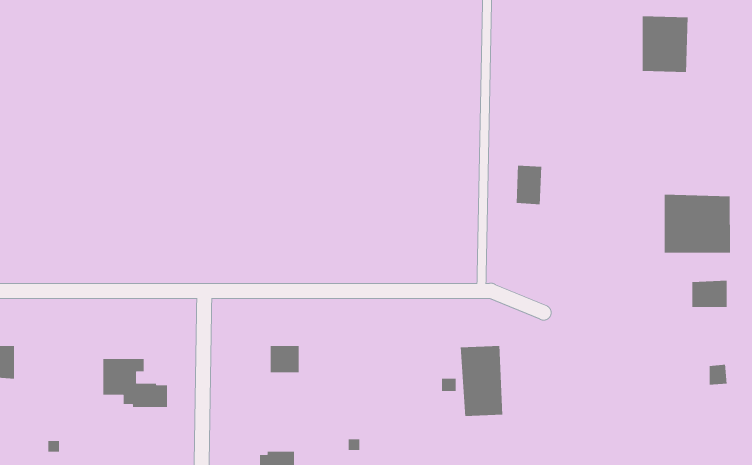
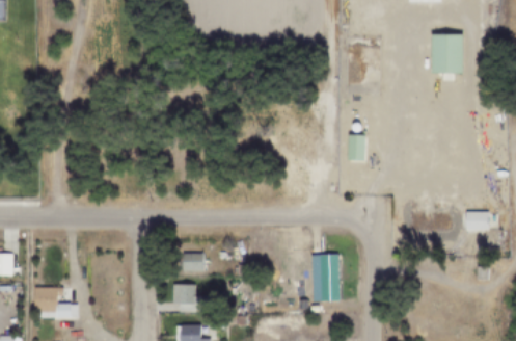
building: [664,194,731,253] -> none
building: [102,358,168,408] -> [34,287,78,320]
building: none -> [170,285,202,312]

